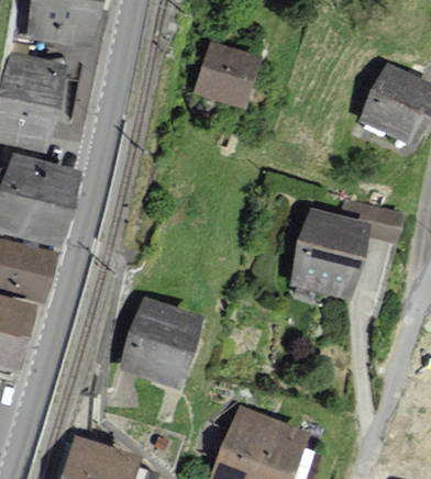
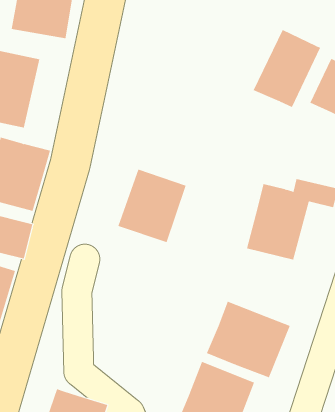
building: none -> [253,29,321,108]
building: [201,45,255,104] -> none
building: [122,300,200,383] -> [117,169,187,243]
building: none -> [206,301,291,378]

